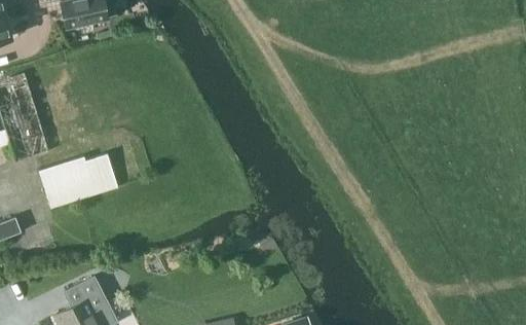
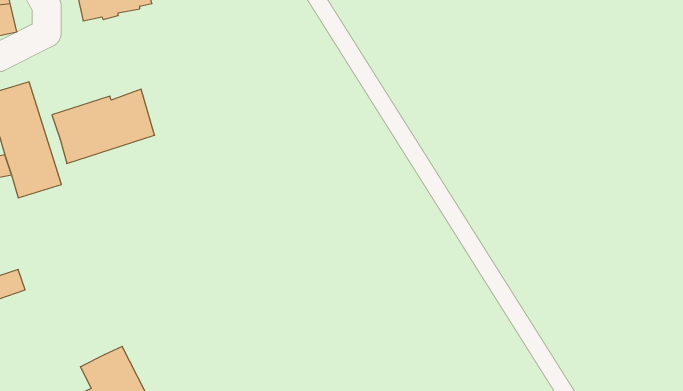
building: [40,152,118,209] -> [52,89,155,164]

